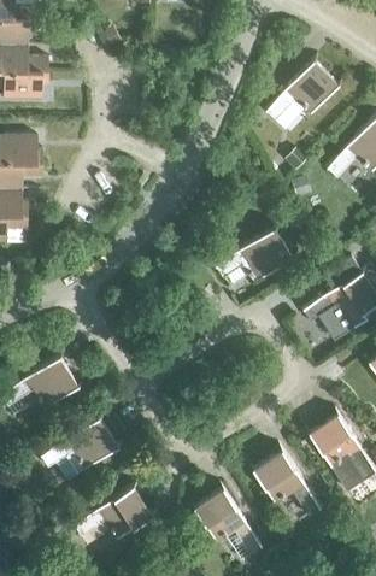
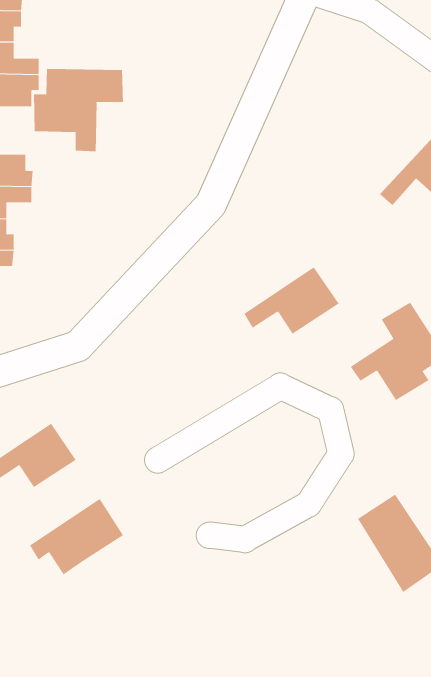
building: [265,60,340,121] -> none
building: none -> [33,68,123,152]
building: [253,449,322,517] -> none
building: [74,487,152,539] -> none
building: [194,488,263,554] -> none

